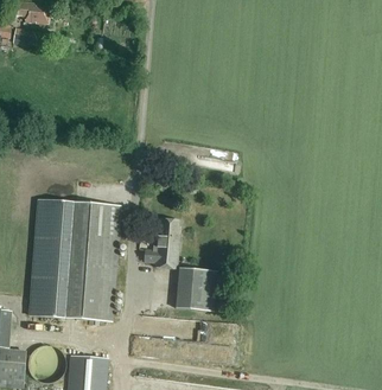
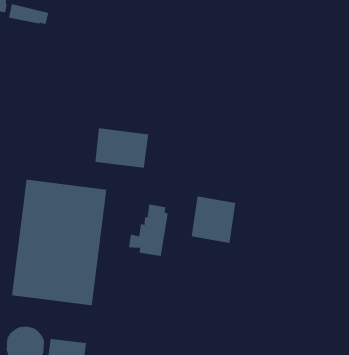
building: none -> [95,127,149,169]
building: [178,264,221,309] -> [191,196,236,243]

